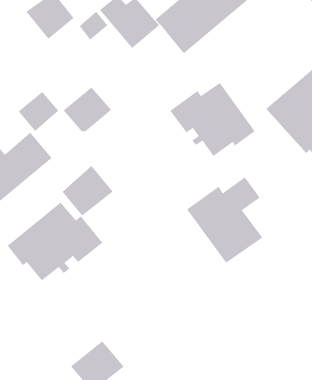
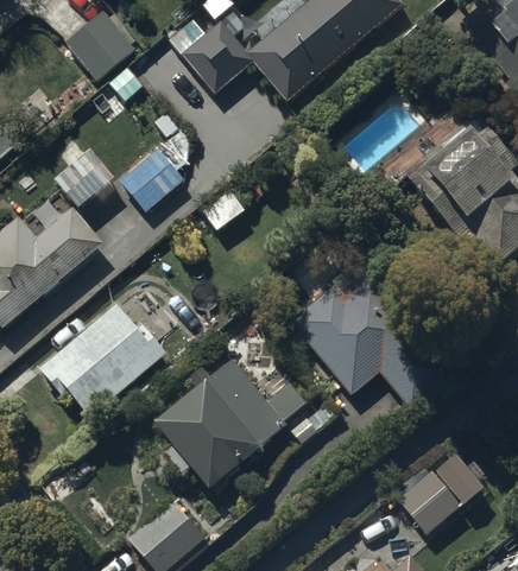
building: [170,82,255,157] -> none
building: [62,165,113,217] -> none
building: none -> [154,360,307,489]
building: none -> [399,469,461,532]

